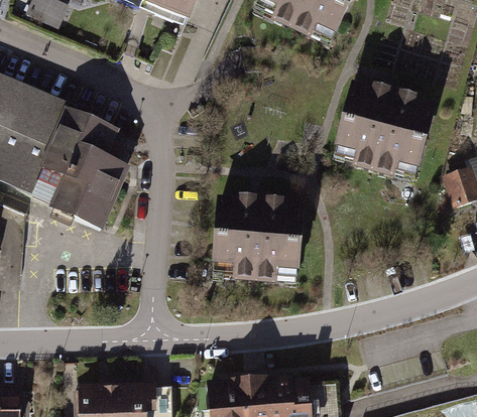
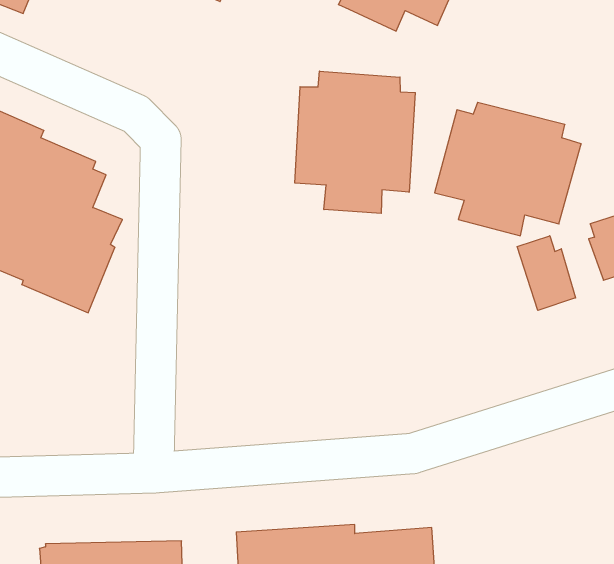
building: none -> [295,71,415,213]
building: none -> [517,236,576,310]
building: [216,197,307,282] -> none

